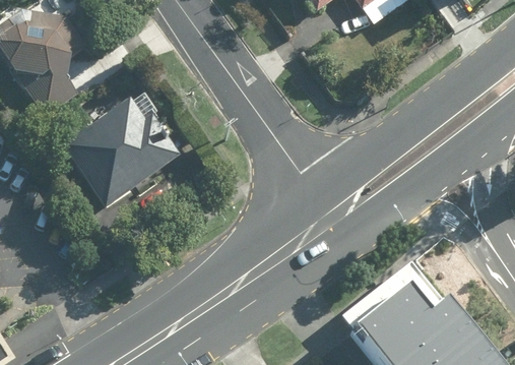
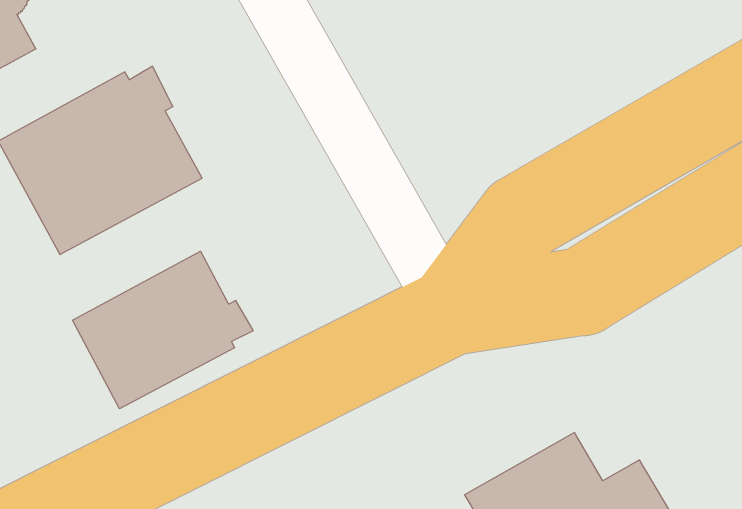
building: none -> [73,251,253,409]

